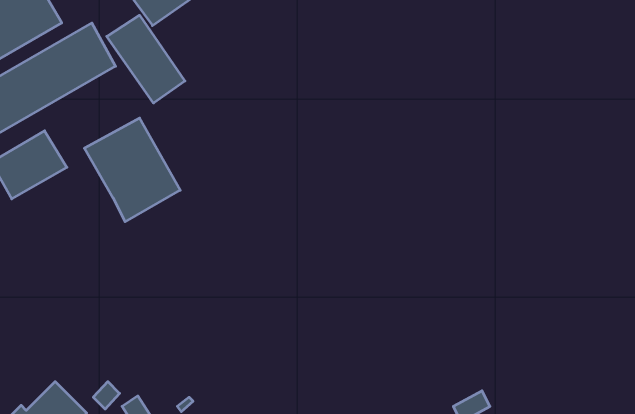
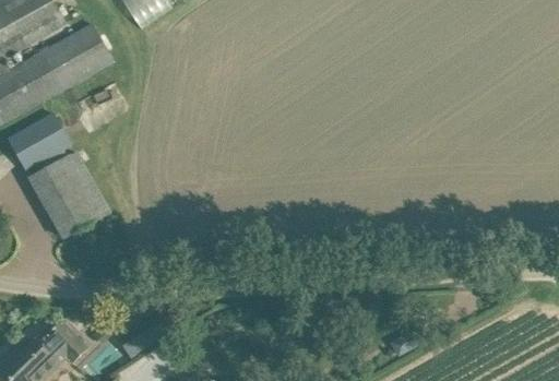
building: [107,15,185,103] -> none
building: [84,118,180,222] -> [28,153,108,239]

